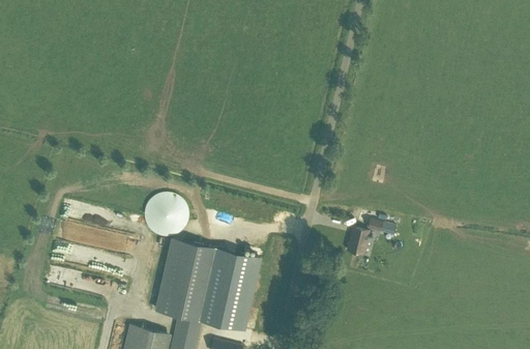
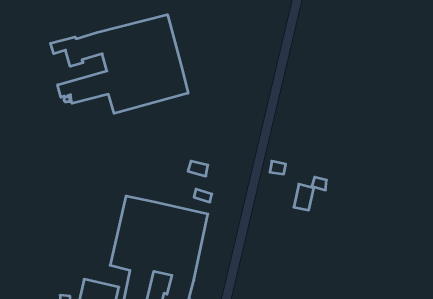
building: none -> [50,15,188,113]
building: [144,194,187,237] -> none

